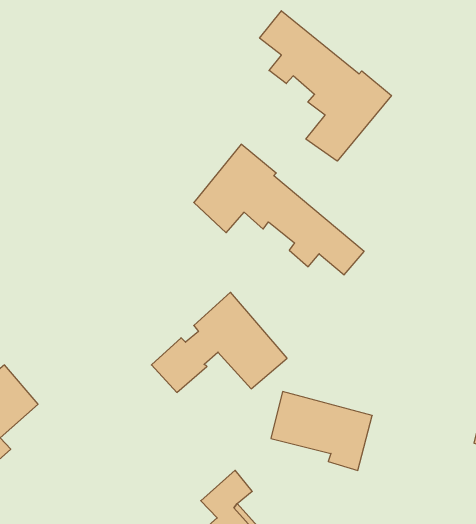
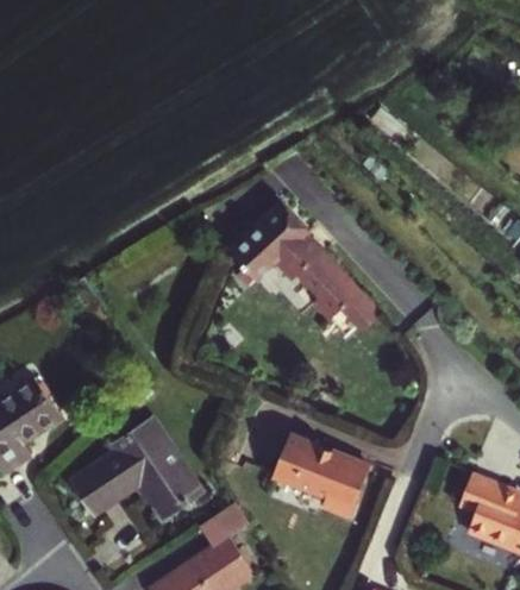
building: [260,11,391,161] -> none
building: [151,292,287,392] -> [71,426,198,517]

